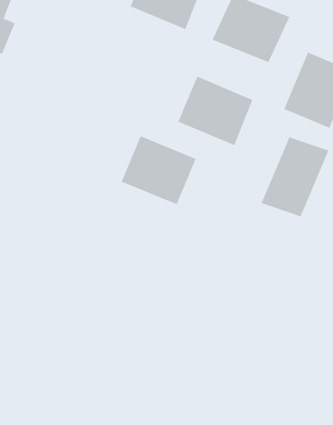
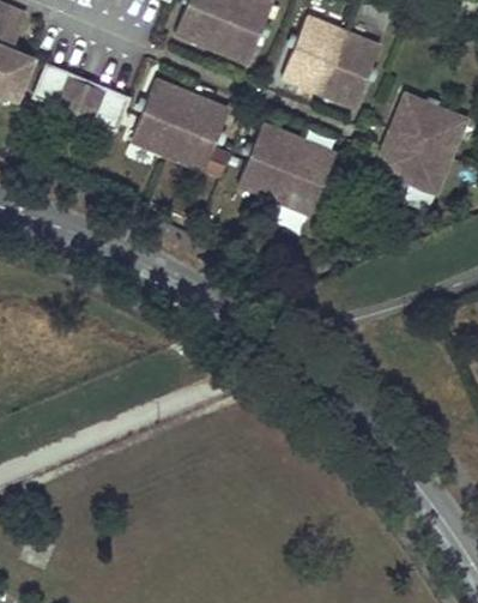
building: none -> [34,65,128,132]
building: [121,136,196,205] -> [131,80,229,170]
building: [261,136,329,217] -> none

